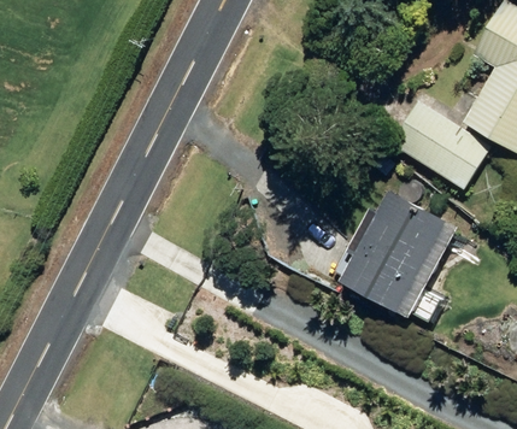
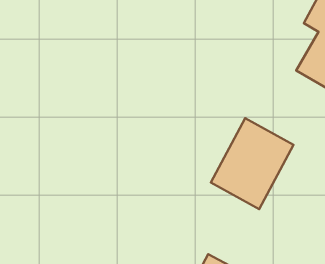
building: [388,102,489,192] -> none

